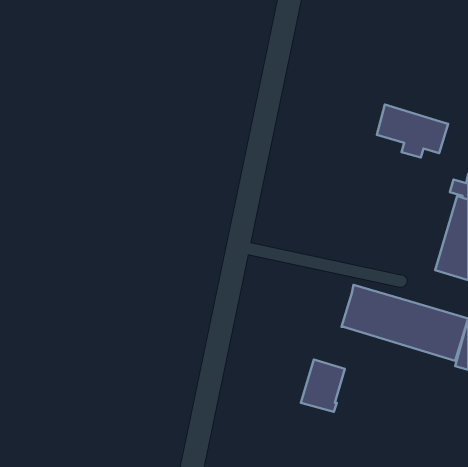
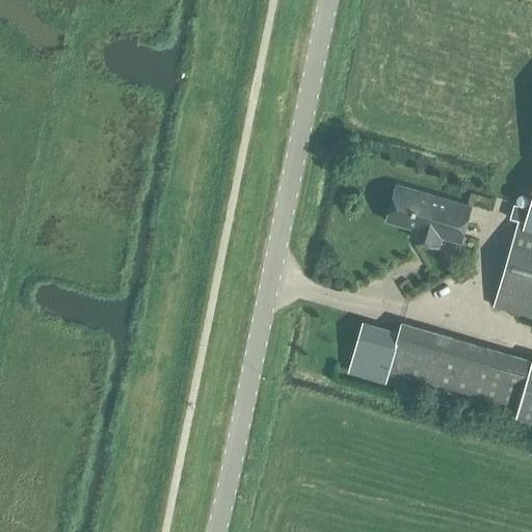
building: [377,105,448,158] -> [388,187,469,247]
building: [301,360,345,412] -> [349,323,399,382]

